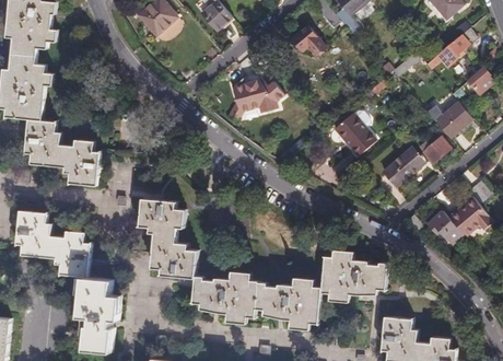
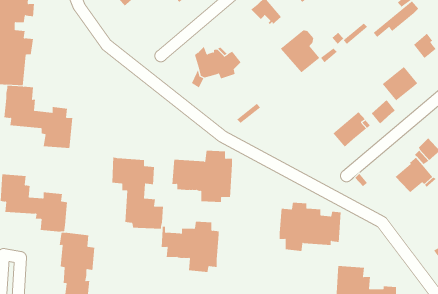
building: [331,108,375,155] -> [280,30,320,73]
building: [424,210,463,245] -> none
building: [256,271,323,328] -> [171,150,233,203]

